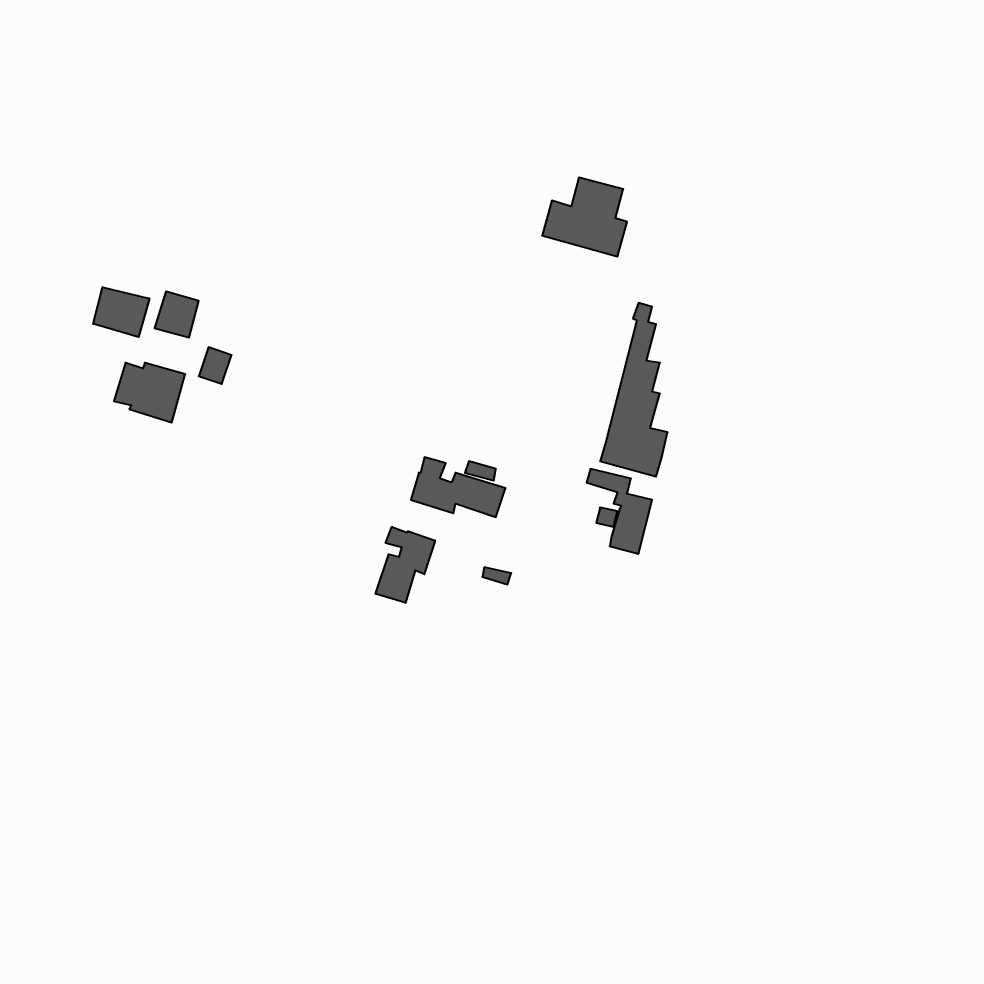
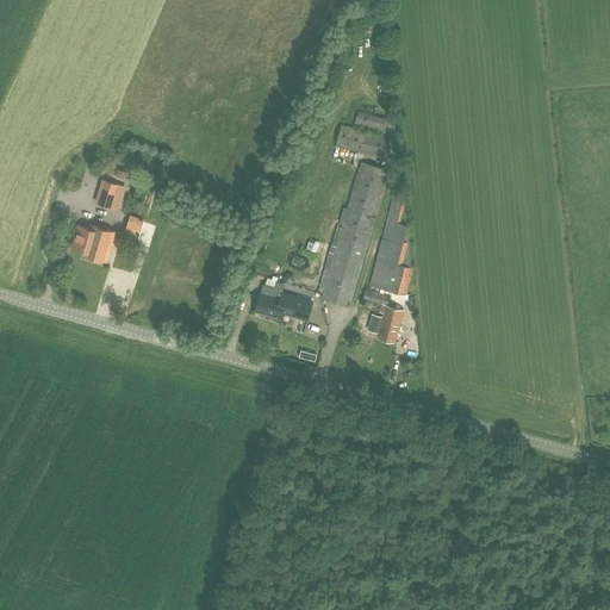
building: none -> [317,163,386,306]
building: [93,287,149,337] -> none
building: [376,527,435,603] -> none

